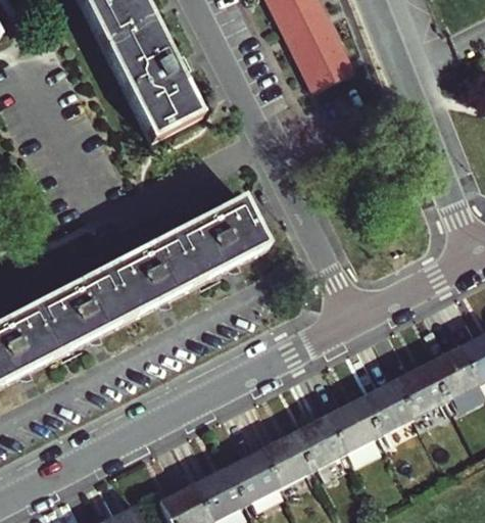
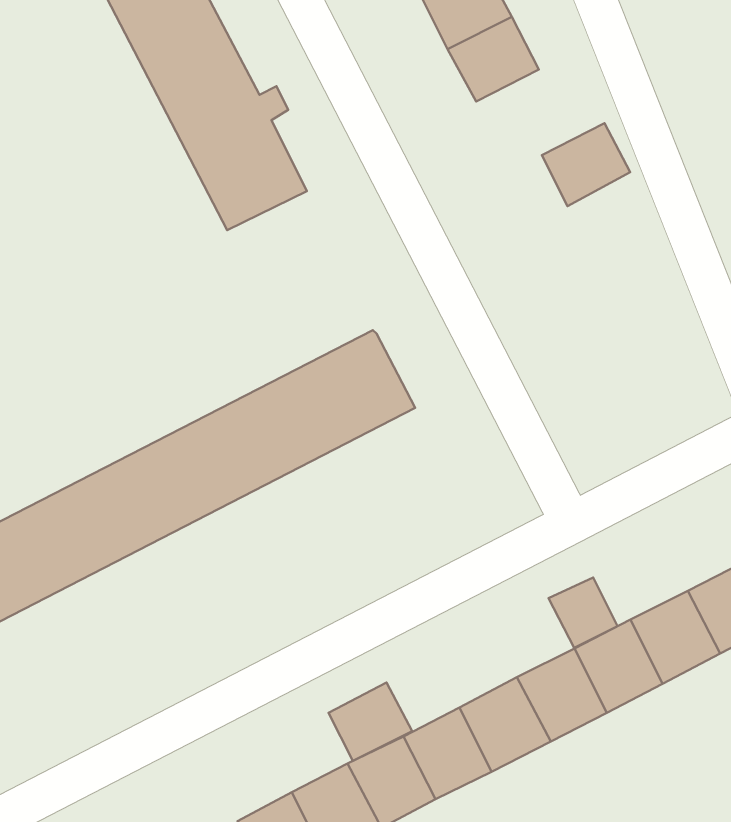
building: [303,46,356,96] -> [542,123,630,206]
building: none -> [549,577,618,648]
building: none -> [328,682,412,761]

